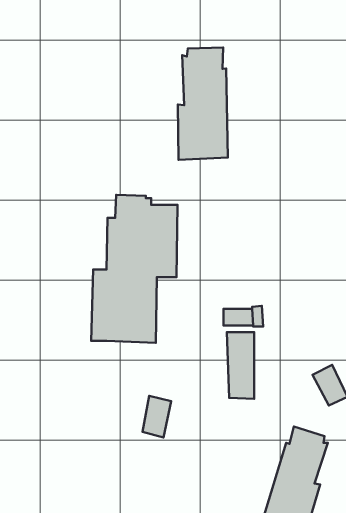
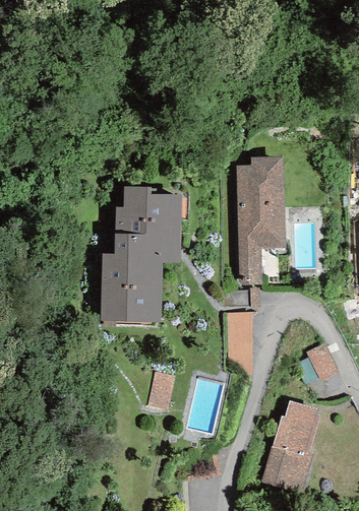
building: [178,47,228,160] -> none
building: none -> [237,156,285,284]

